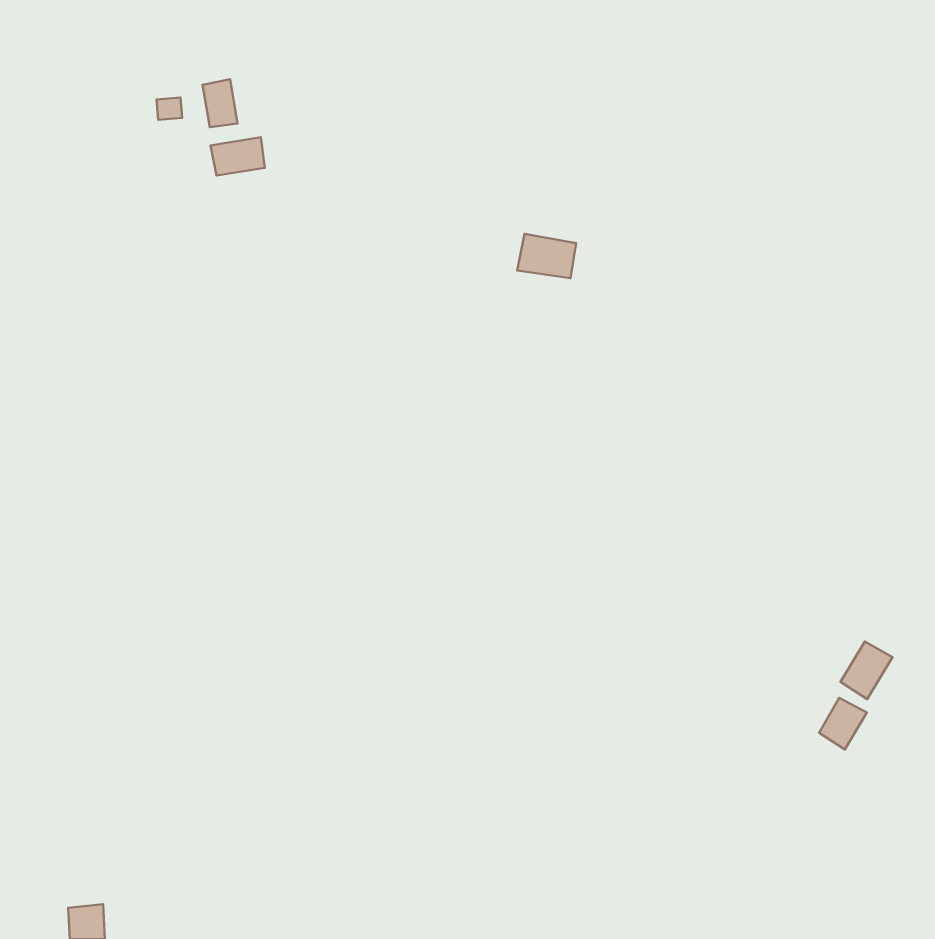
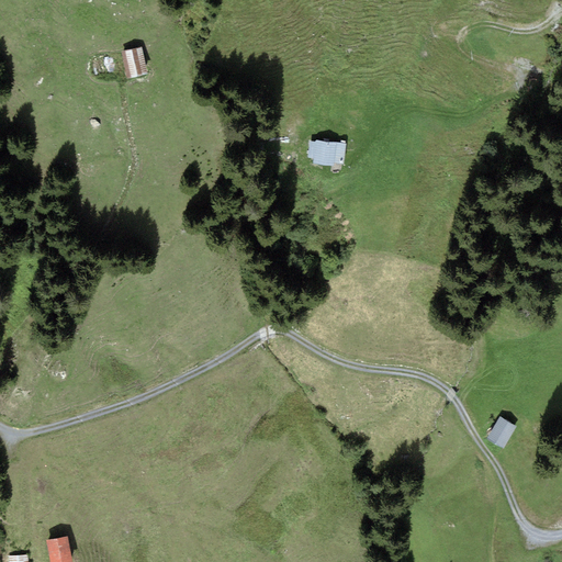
building: [210,137,265,176] -> none
building: [840,642,892,699] -> none

